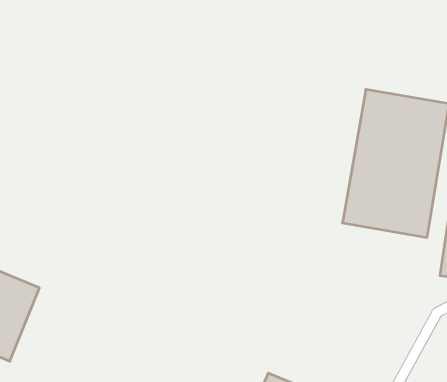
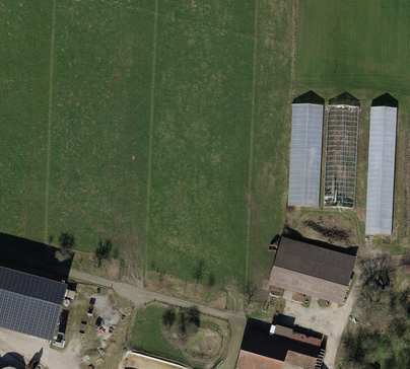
building: none -> [270,239,354,304]

